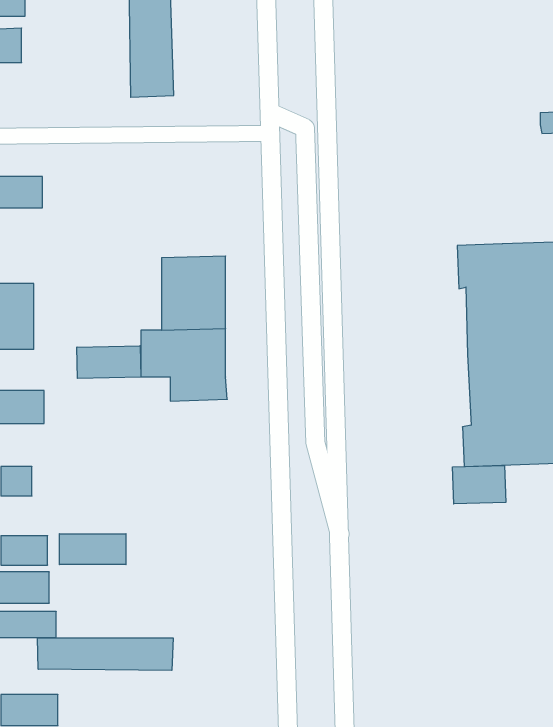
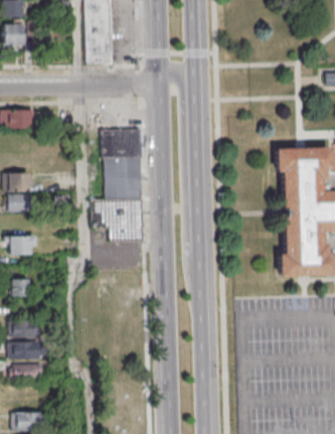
building: none -> [102,128,143,156]
building: [77,346,141,378] -> none
building: [453,465,506,504] -> none
building: [59,534,126,565] -> none
building: [37,638,173,670] -> none

